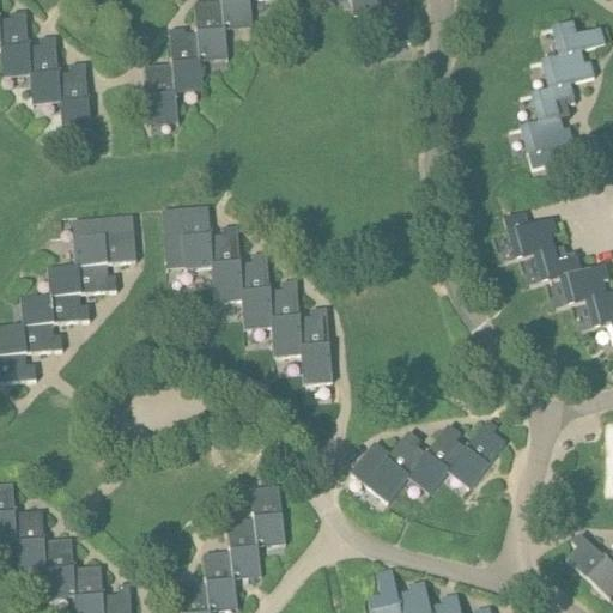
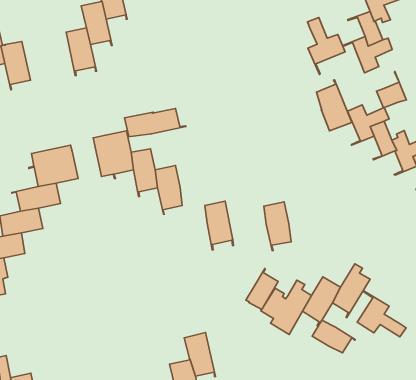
building: none -> [308,18,345,75]
building: none -> [377,72,406,108]
building: none -> [317,80,352,131]
building: none -> [124,108,186,137]
building: [269,287,299,350] -> [264,202,291,251]
building: none -> [246,268,278,309]
building: none -> [357,291,406,337]
building: none -> [312,320,355,353]

